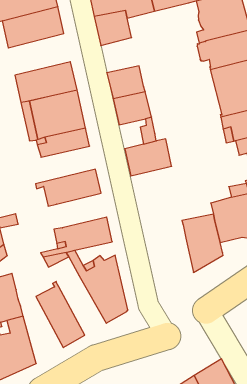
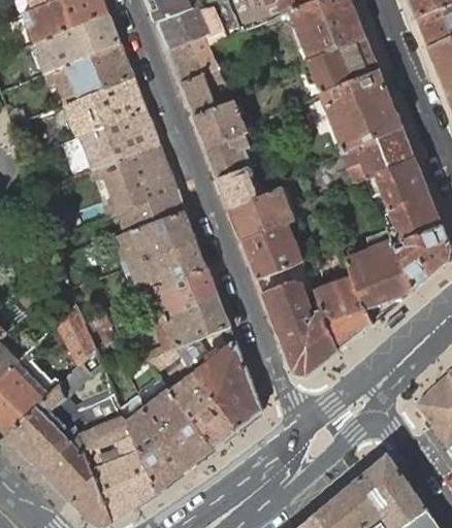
building: none -> [65,76,146,137]
building: none -> [181,69,232,118]
building: none -> [218,168,252,209]
building: none -> [121,212,196,269]
building: none -> [241,225,301,280]
building: none -> [143,269,219,323]
building: none -> [262,282,337,377]
building: none -> [167,376,237,450]
building: none -> [127,410,188,494]

